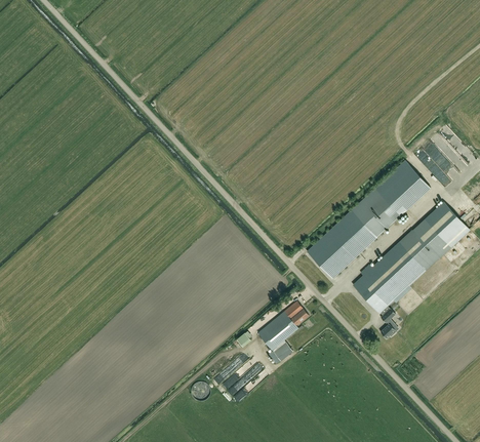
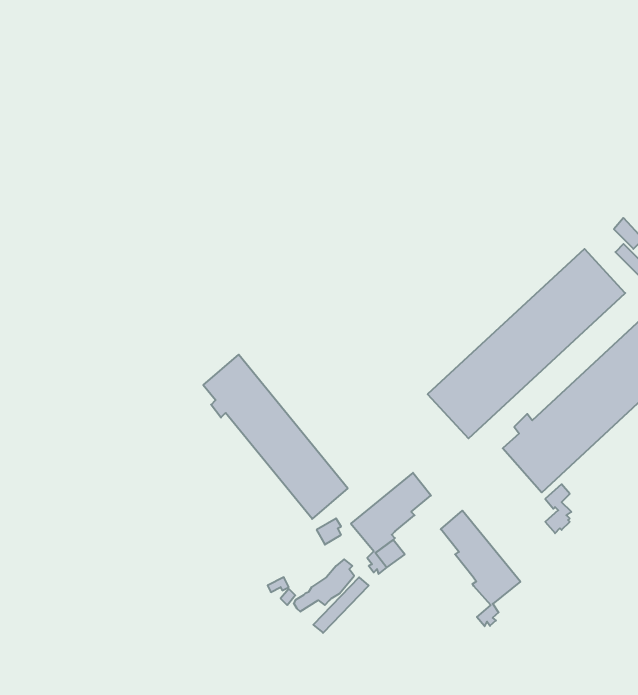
building: none -> [203,355,348,519]
building: none -> [441,511,520,626]

